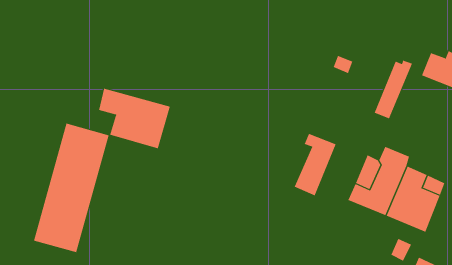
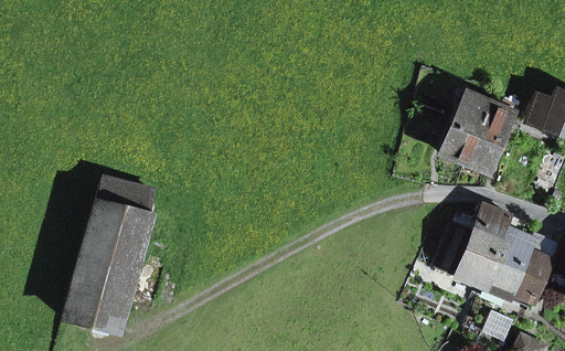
building: [98,88,170,149] -> none
building: [294,133,337,196] -> [443,91,493,166]

